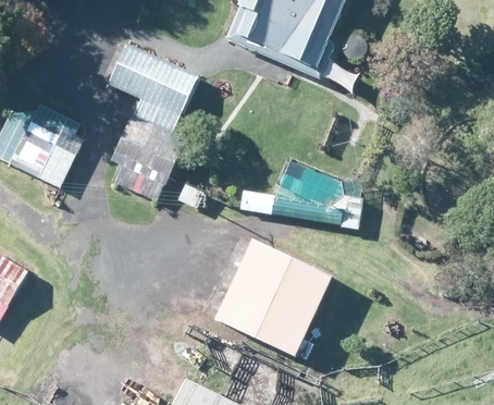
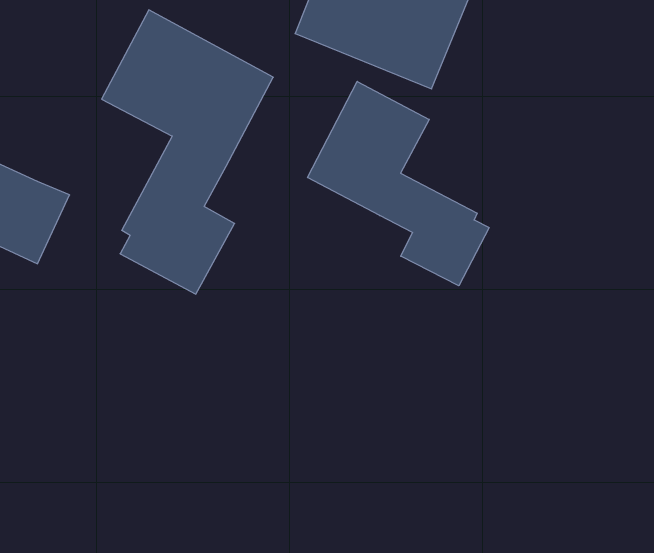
building: none -> [308,81,489,286]
building: [215,240,331,359] -> none

